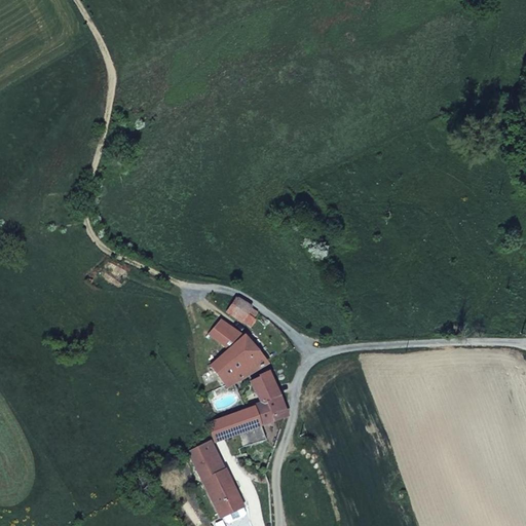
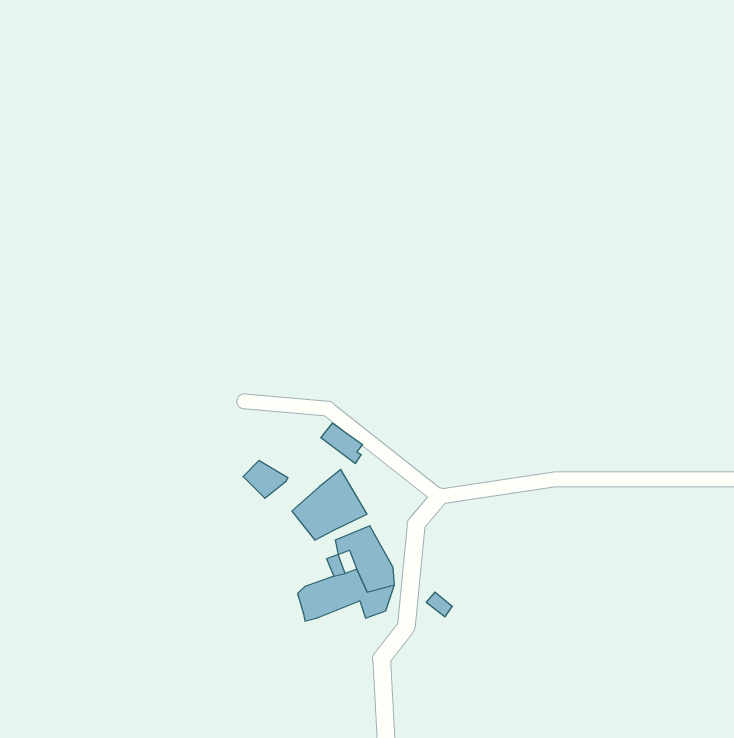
building: [212,320,243,346] -> [243,461,288,498]
building: [195,442,243,518] -> none

